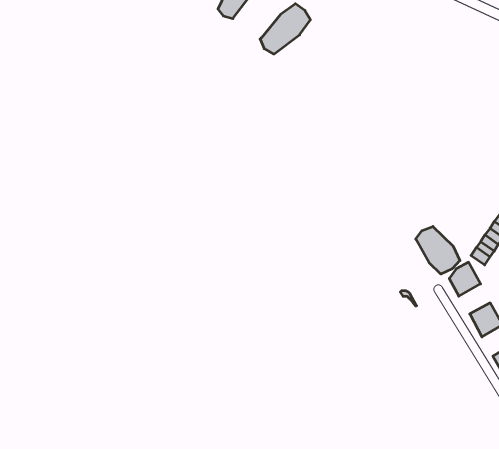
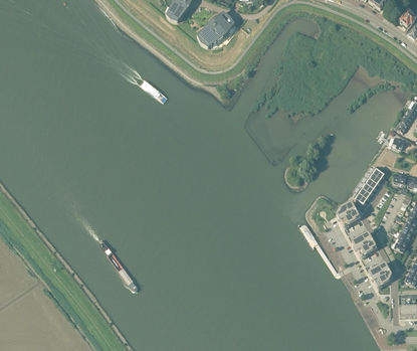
building: [416,226,460,274] -> none

